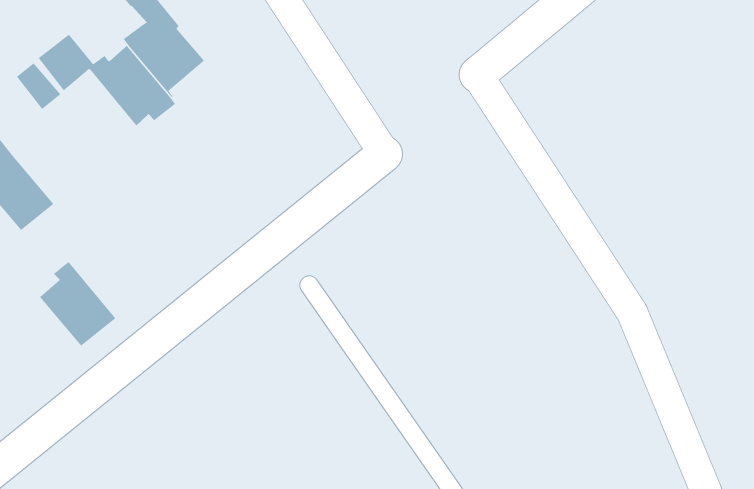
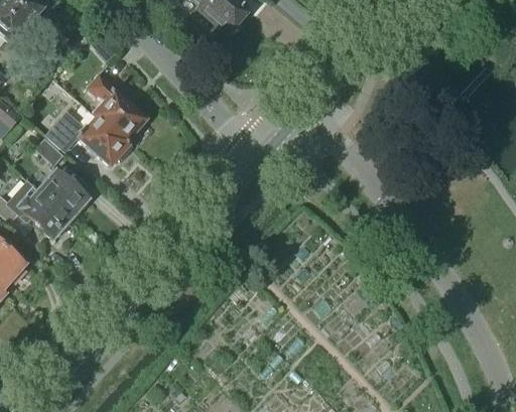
building: [39,261,116,347] -> [40,168,88,218]

